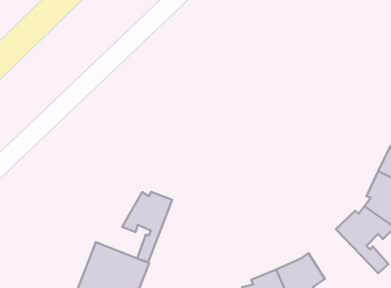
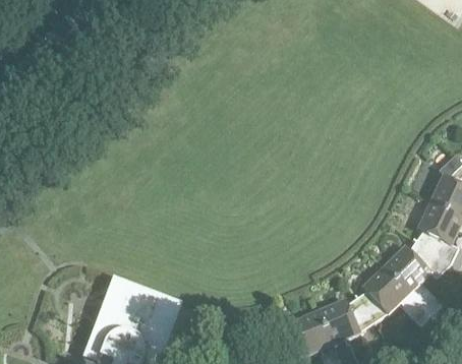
building: [122,192,172,262] -> none
building: none -> [354,264,431,324]

